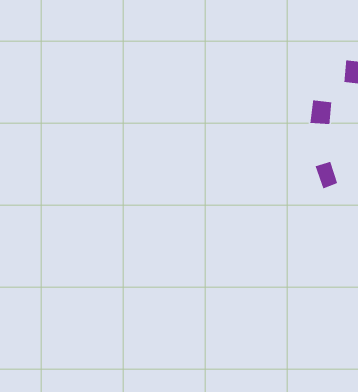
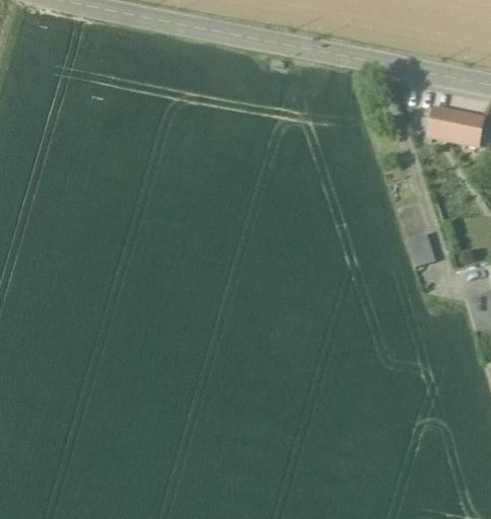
building: [310,99,332,125] -> [429,107,459,140]

